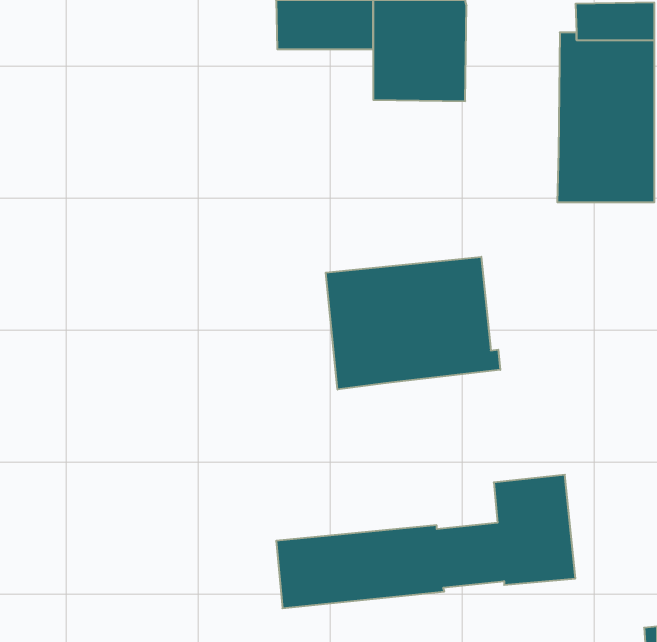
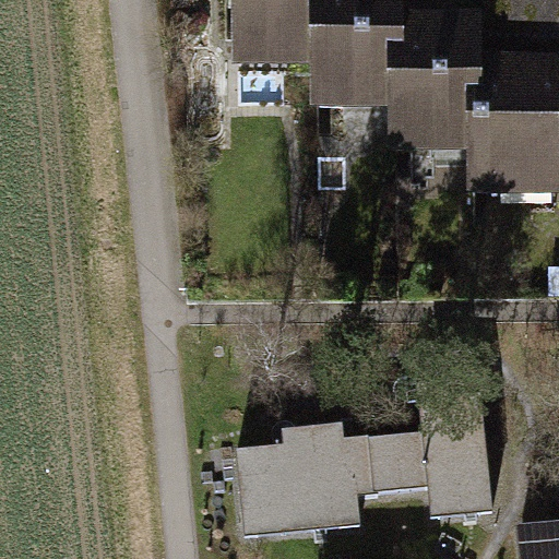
building: none -> [392,22,472,145]
building: [326,257,500,390] -> none

